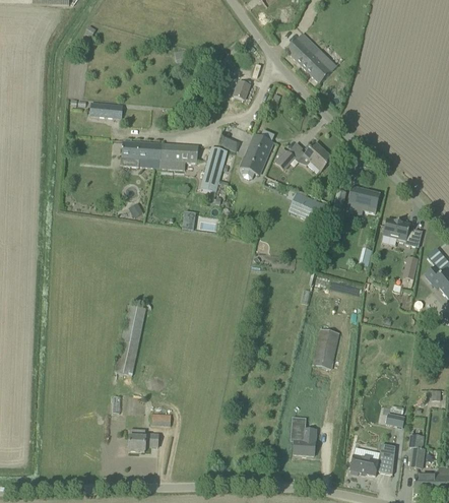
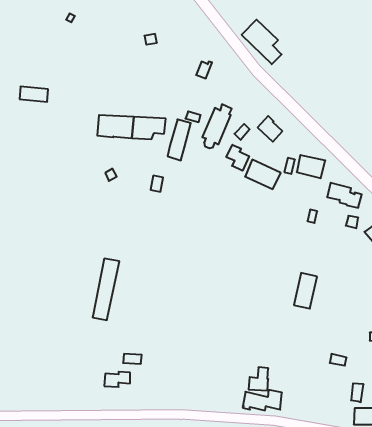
building: [89,101,122,118] -> [20,87,48,102]
building: none -> [226,145,249,171]
building: [312,327,338,368] -> [294,273,317,309]
building: [349,451,394,475] -> [243,390,282,410]

